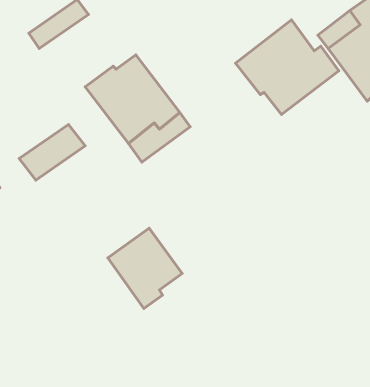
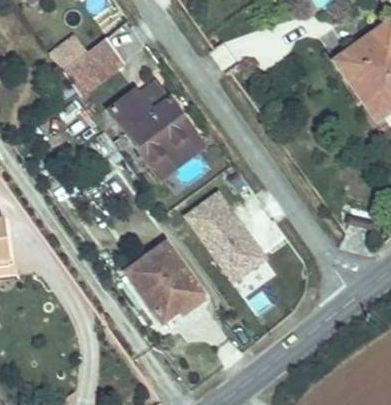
building: [235,20,339,115] -> none
building: [19,124,85,180] -> [61,38,125,92]
building: none -> [186,193,264,282]

